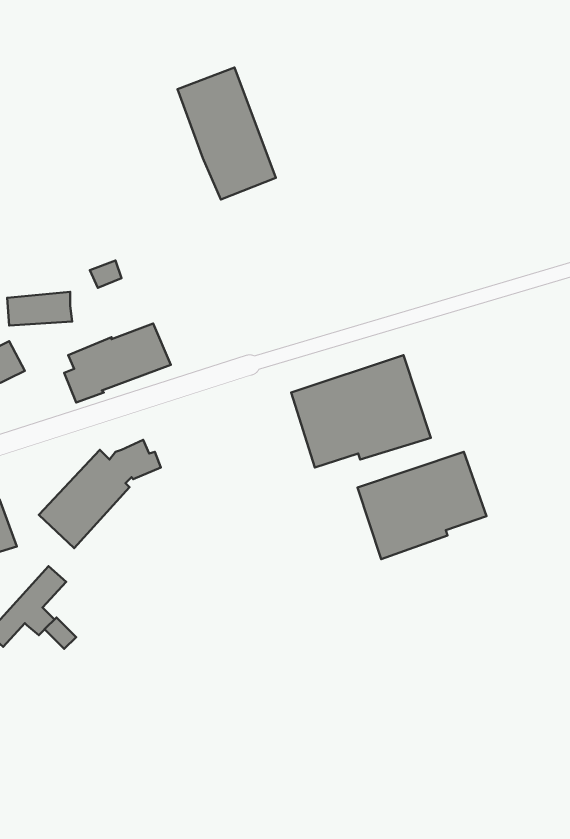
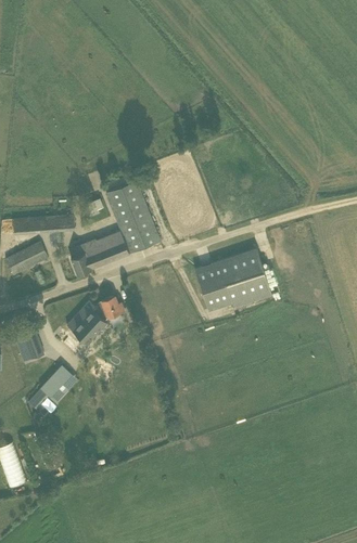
building: [177,67,276,199] -> [104,181,158,254]
building: [357,452,486,559] -> none

